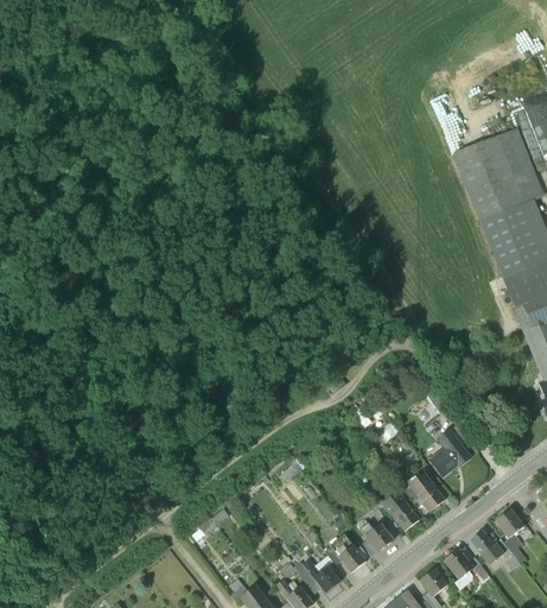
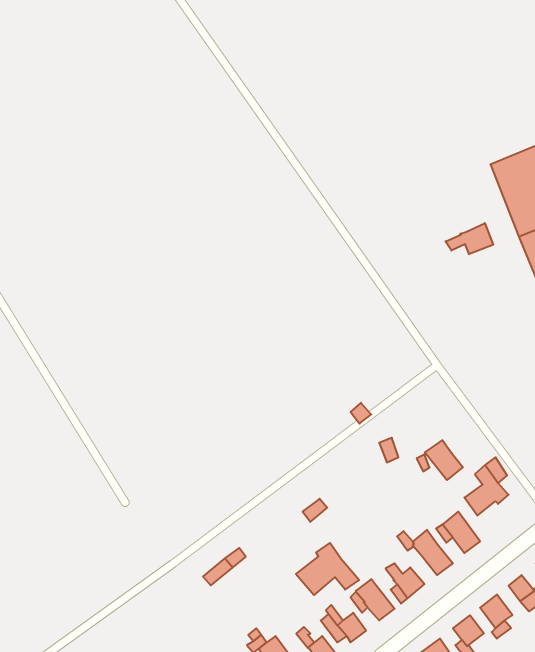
building: none -> [445,223,493,254]
building: none -> [425,440,463,480]
building: none -> [296,543,359,595]

